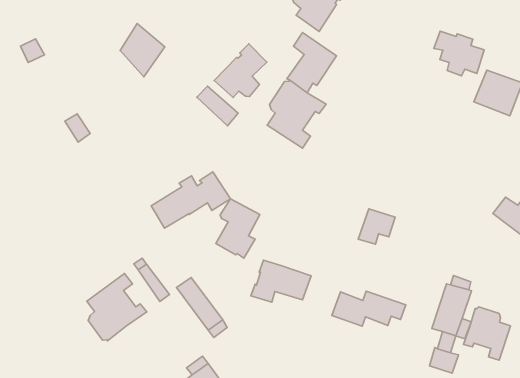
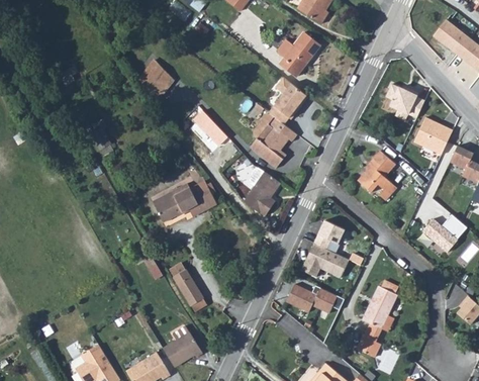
building: [214,44,267,97] -> none
building: none -> [353,150,392,199]
building: [216,199,260,258] -> [244,168,280,215]
building: [251,260,311,302] -> [302,243,351,276]
building: [87,273,147,341] -> none
building: [463,307,510,360] -> none

